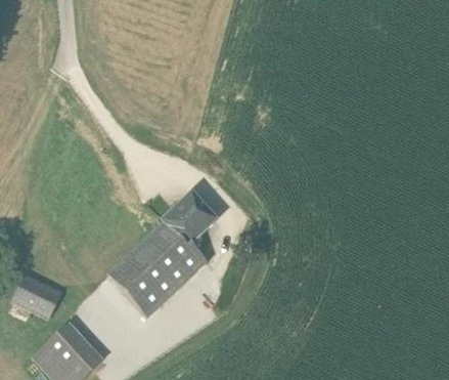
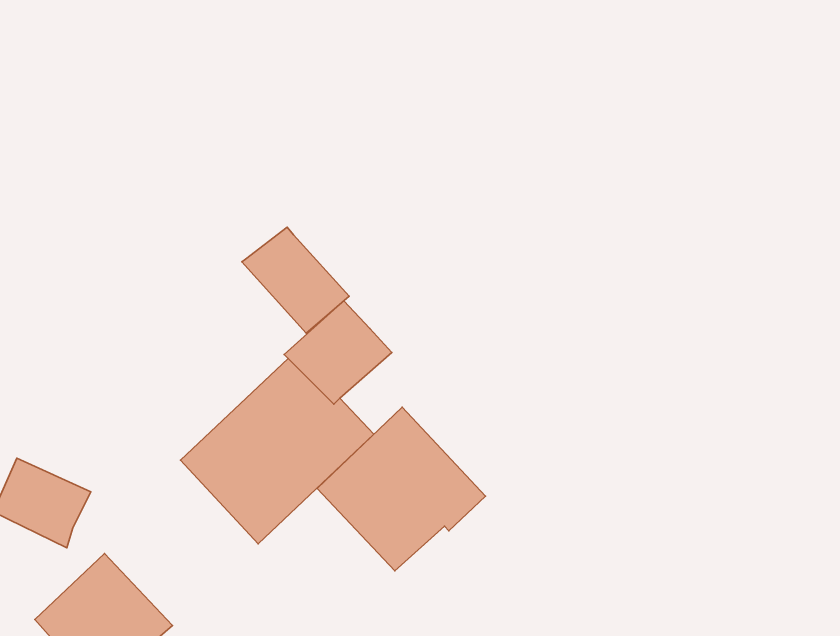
building: none -> [242,227,349,333]
building: none -> [317,407,486,571]

